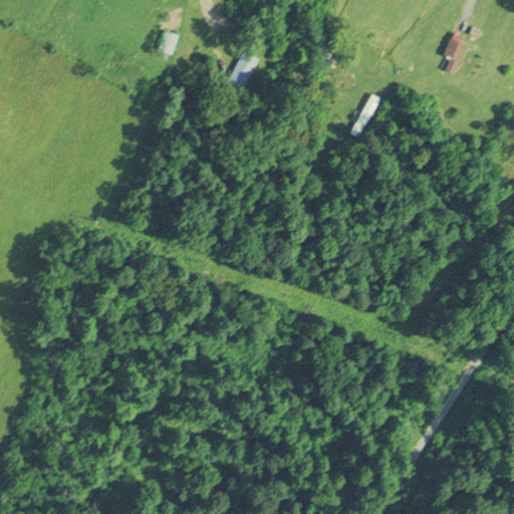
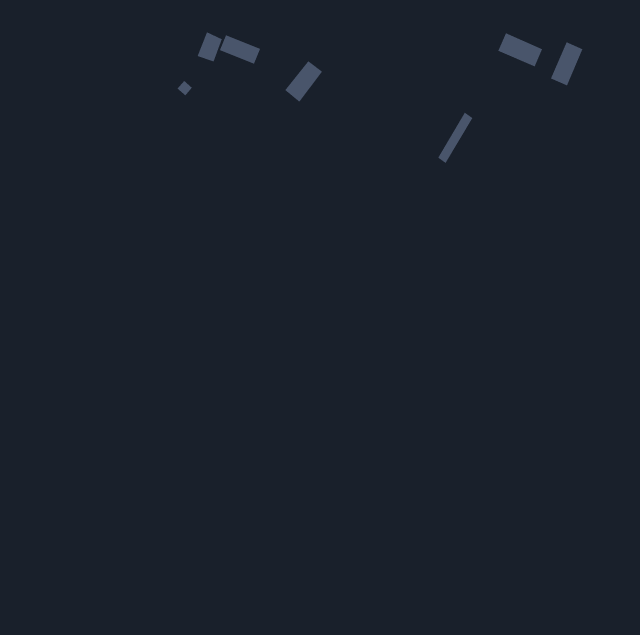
building: none -> [497,32,543,68]
building: none -> [219,34,261,65]

